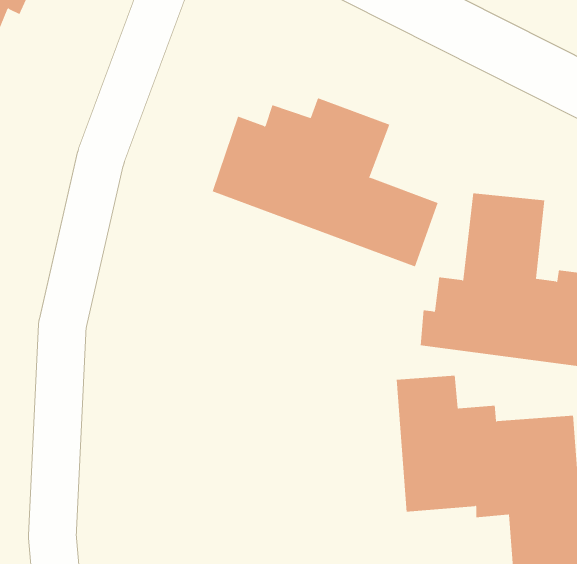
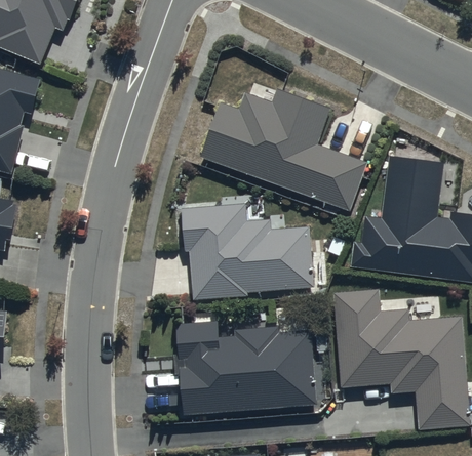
building: none -> [182,205,313,299]
building: none -> [176,323,315,414]

